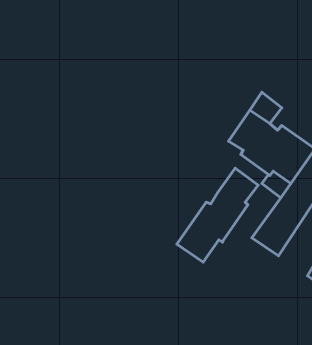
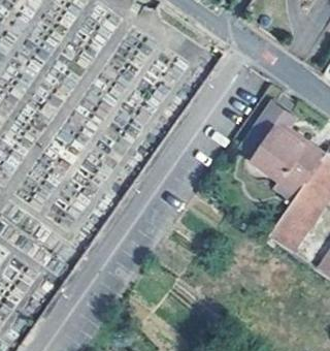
building: [177,168,258,262] -> none

